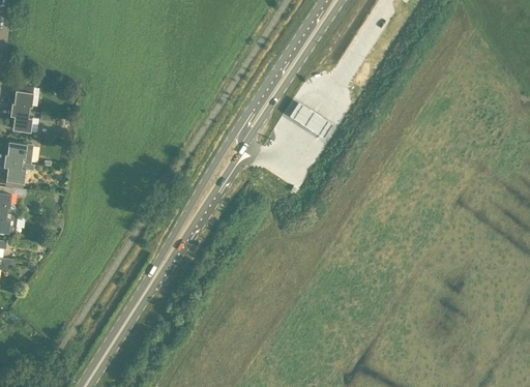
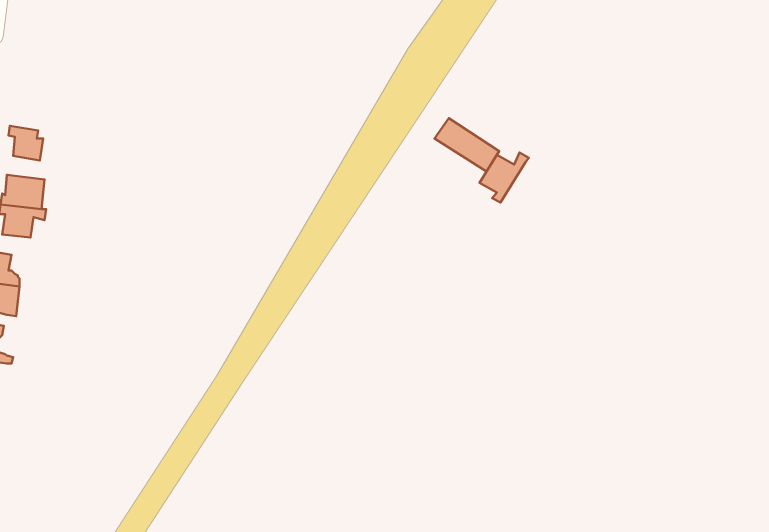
building: [9,86,33,113] -> none
building: none -> [479,153,529,203]

